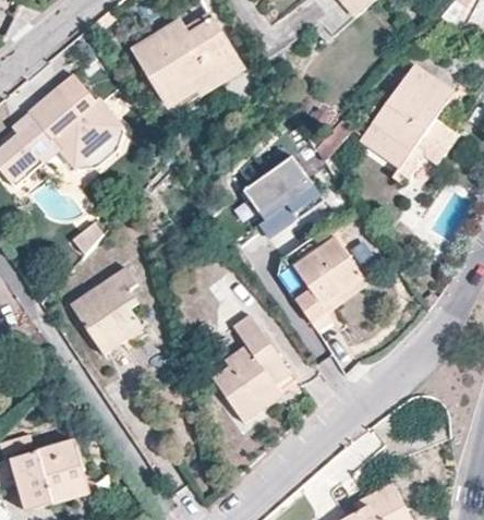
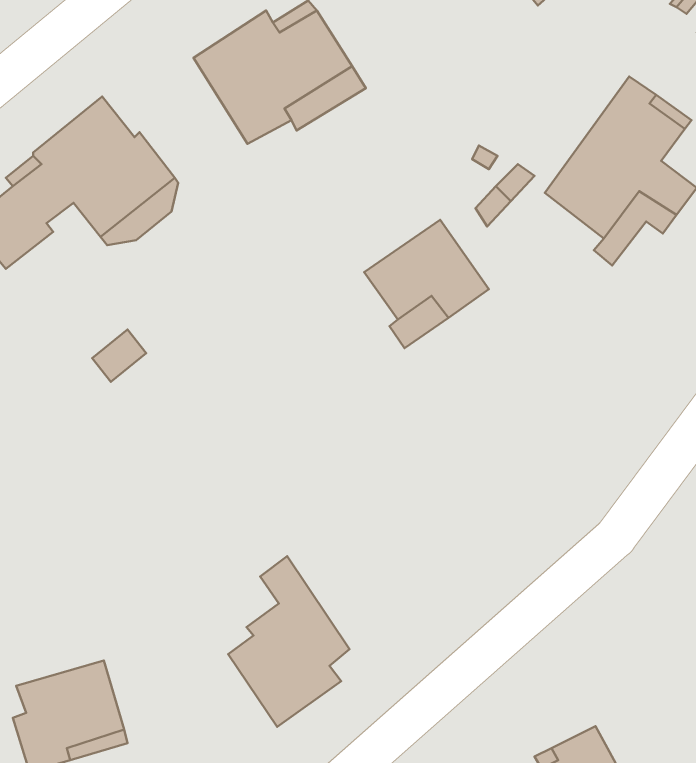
building: [291,234,367,329] -> none
building: [69,265,145,354] -> none
building: [211,313,290,423] -> [228,556,350,727]

